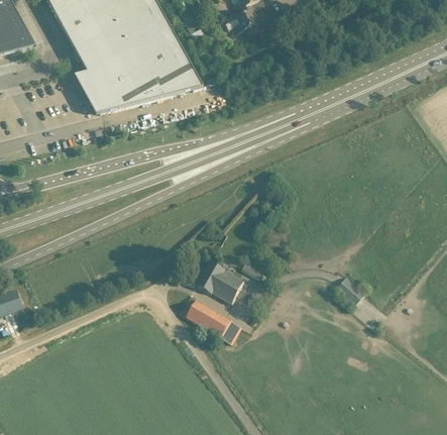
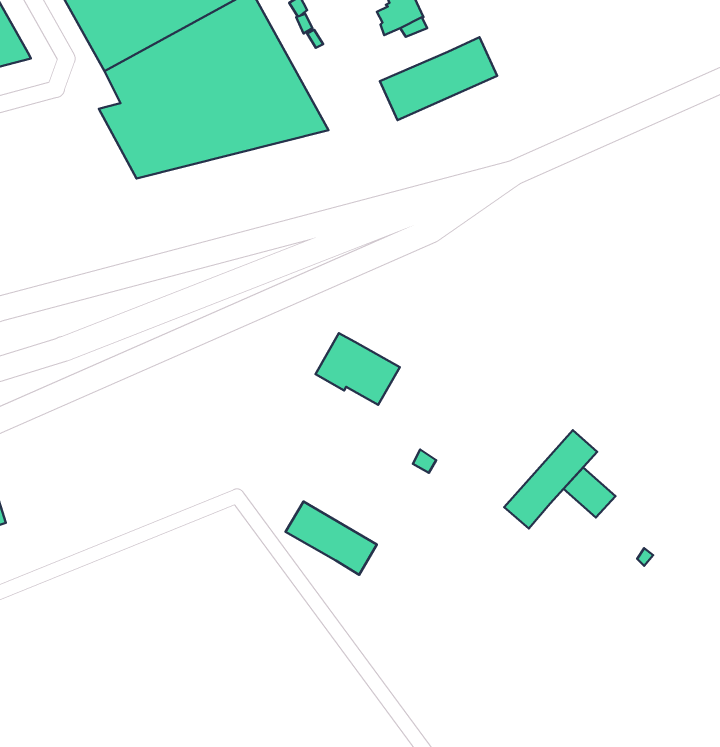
building: none -> [380,37,497,120]
building: none -> [504,430,597,529]
building: [197,260,244,301] -> [316,333,400,405]

